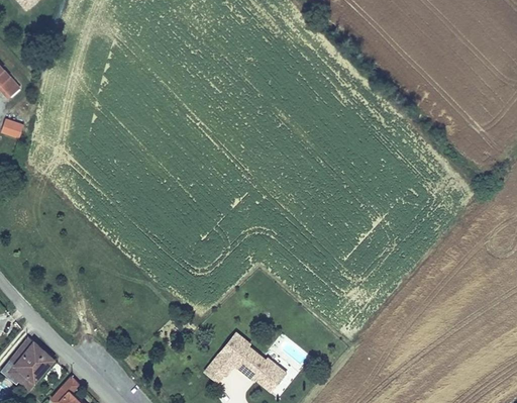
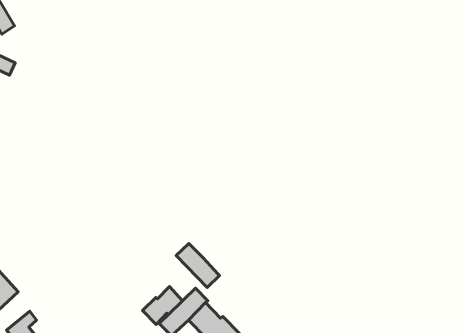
building: none -> [176,244,220,287]
building: none -> [142,287,182,324]

